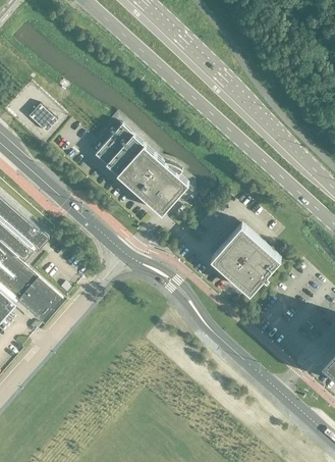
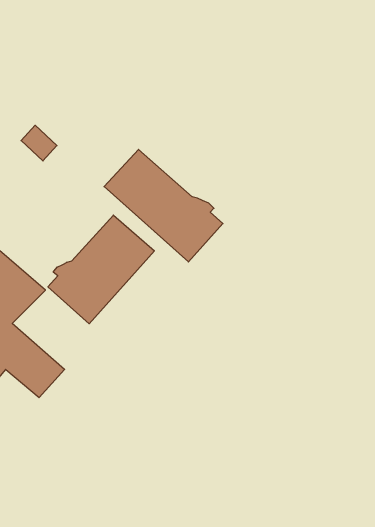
building: none -> [48,215,154,324]
building: [210,225,279,295] -> none

